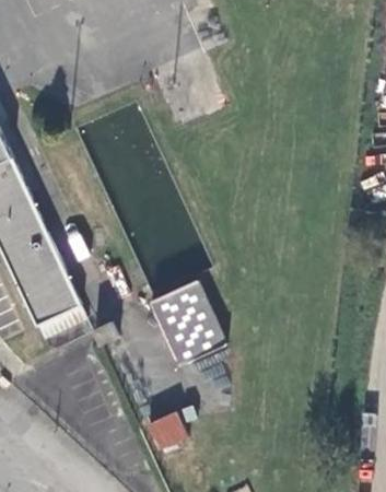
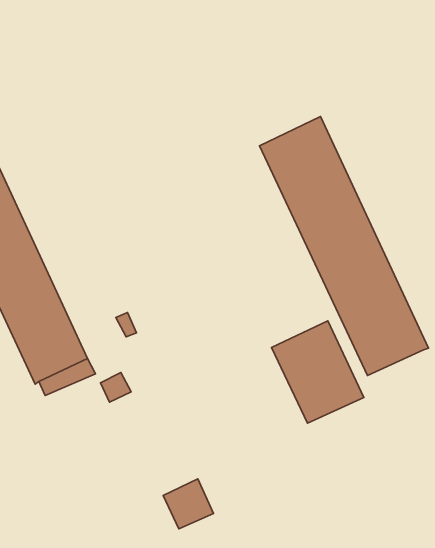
building: none -> [260,117,429,376]
building: [150,279,229,366] -> [271,321,364,423]

